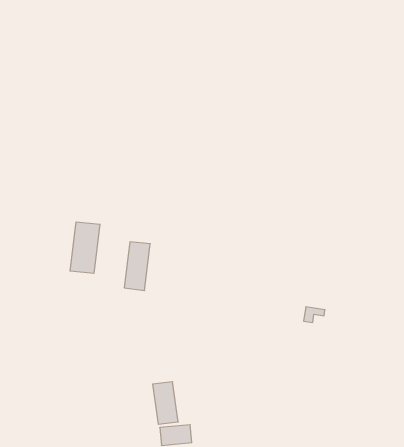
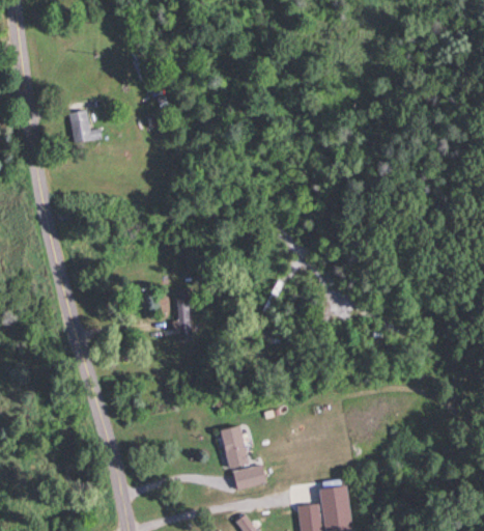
building: none -> [68,110,102,144]
building: [70,222,100,273] -> none

